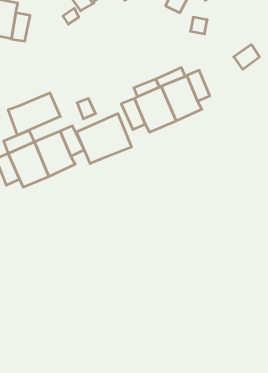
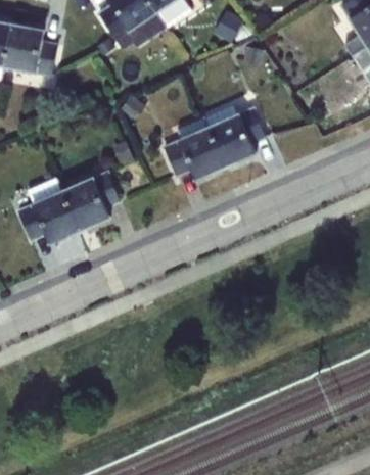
building: [8,93,60,135] -> none
building: [76,114,132,164] -> none

